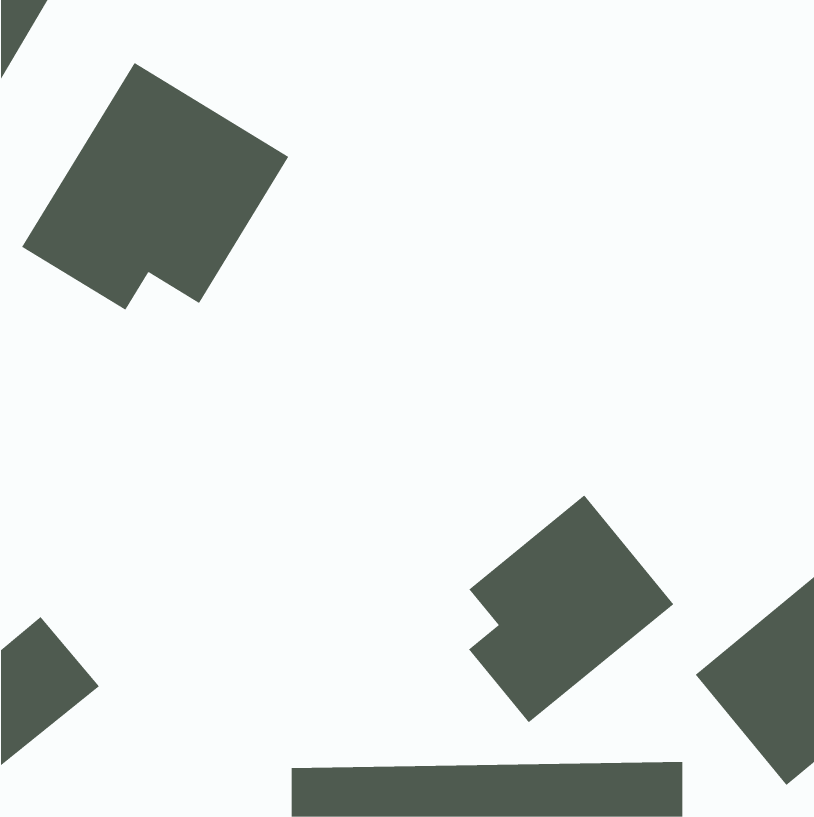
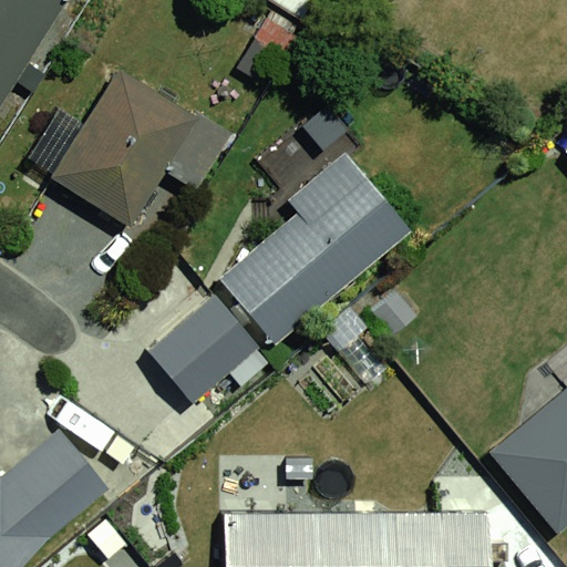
building: none -> [146,169,414,408]
building: [468,494,674,723] -> none

